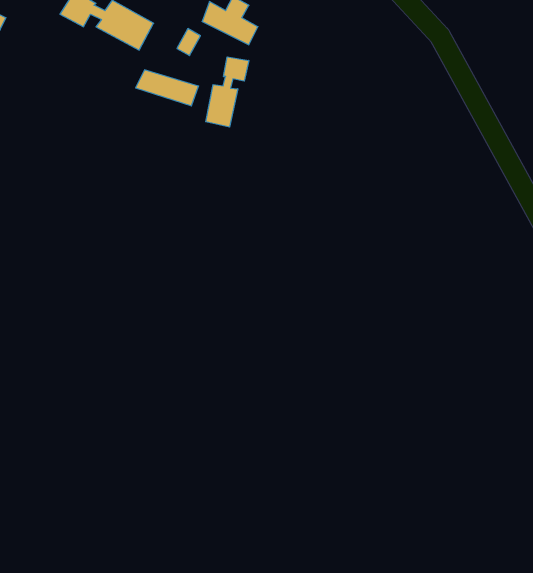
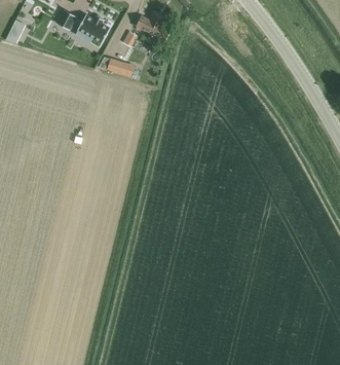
building: [206,57,249,127] -> none

